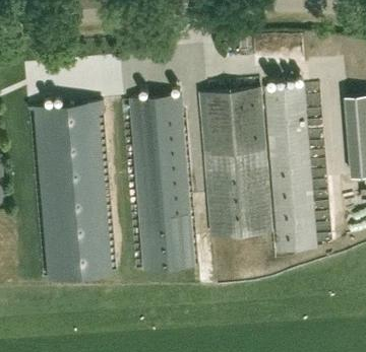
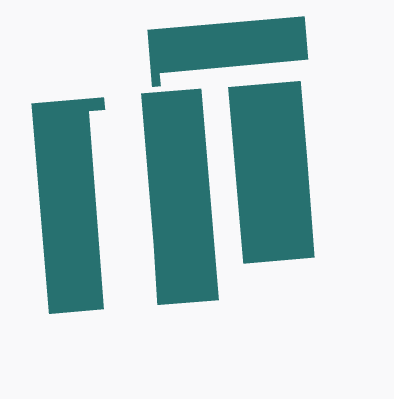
building: none -> [146,15,309,88]
building: [265,86,314,253] -> none

